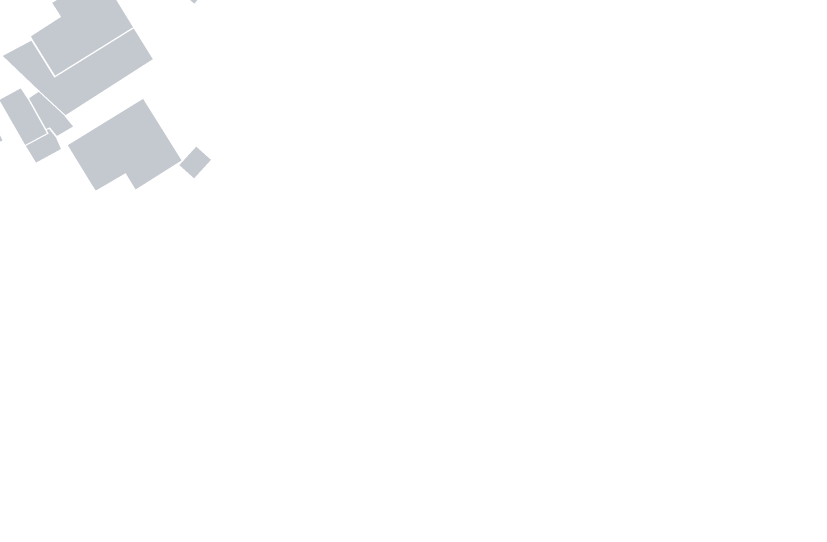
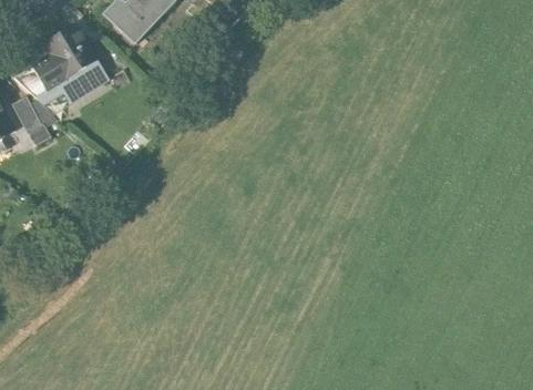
building: [67,98,182,191] -> none

